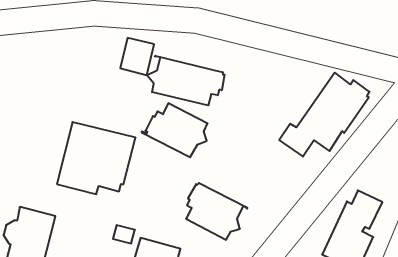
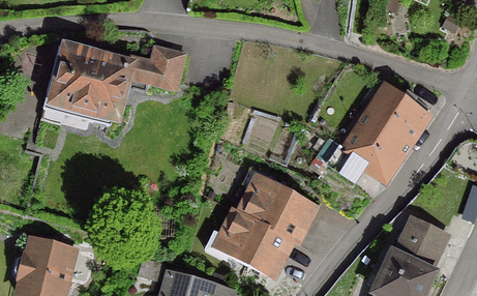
building: [147,56,225,105] -> none
building: [142,103,208,157] -> [235,176,309,237]
building: [57,122,136,194] -> [40,45,129,126]

